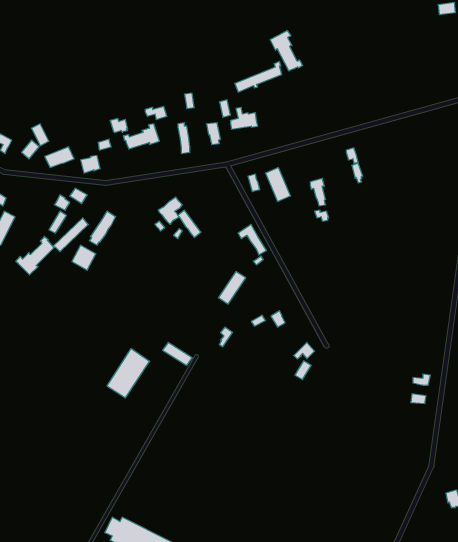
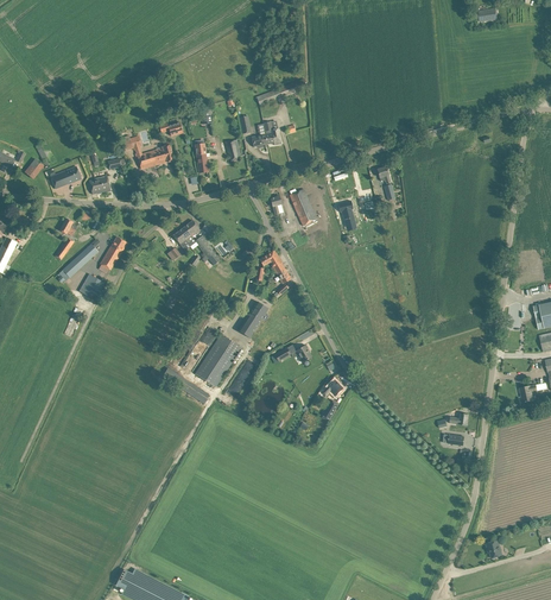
building: [270,31,303,71] -> none
building: [16,236,54,275] -> none
building: [107,349,150,398] -> [195,333,241,386]

